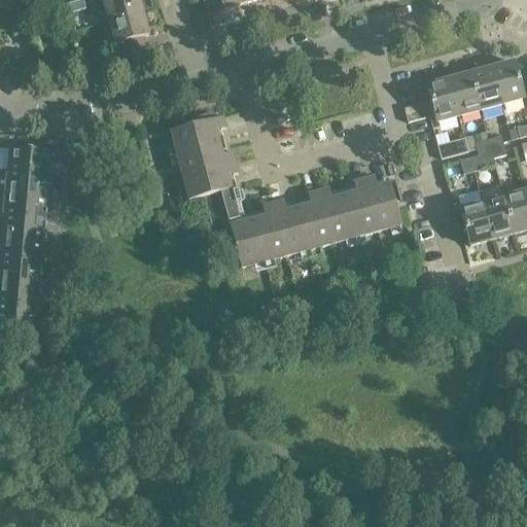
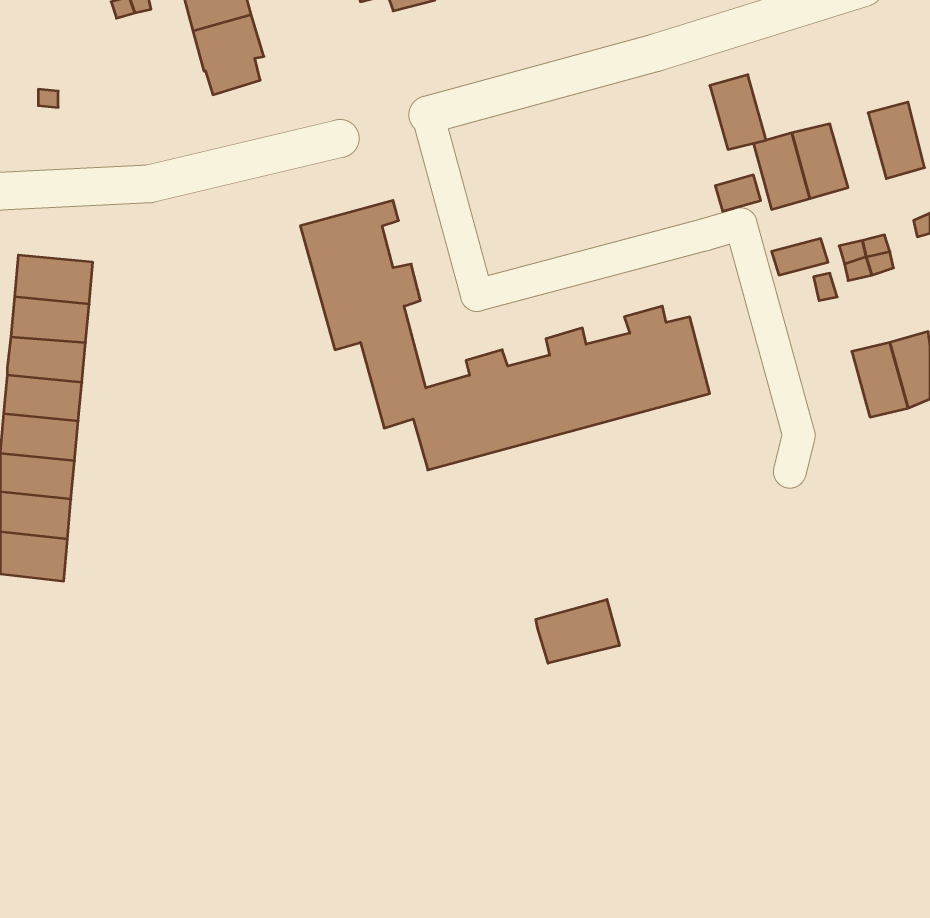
building: [469,64,501,106] -> [710,75,766,149]
building: [460,199,492,242] -> none
building: none -> [536,599,619,663]

